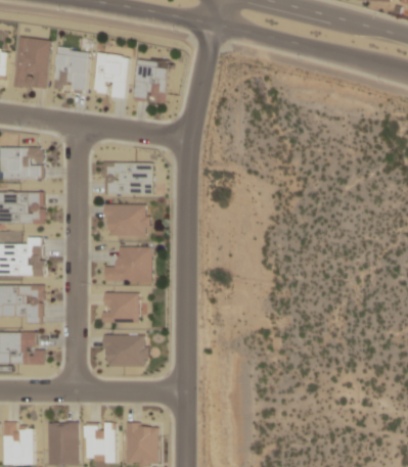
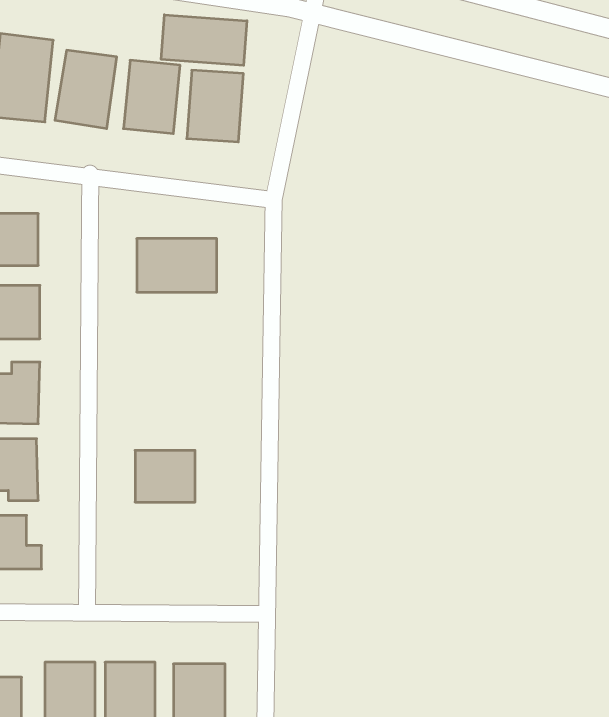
building: none -> [161,15,247,65]
building: [103,204,148,239] -> none
building: [104,246,150,282] -> none
building: [103,335,148,367] -> none

